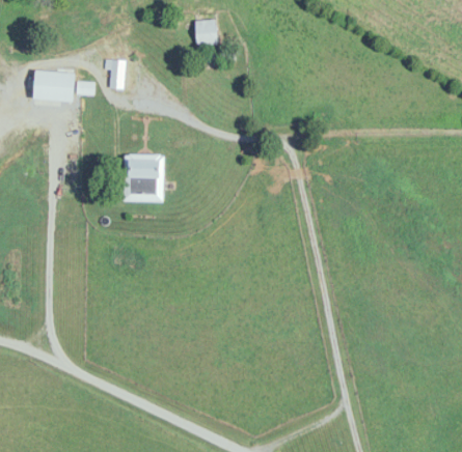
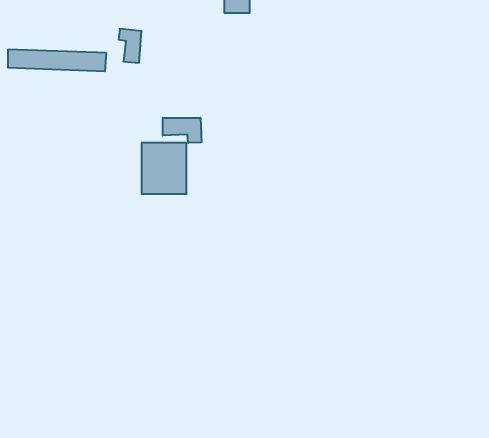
building: none -> [163,118,201,143]

